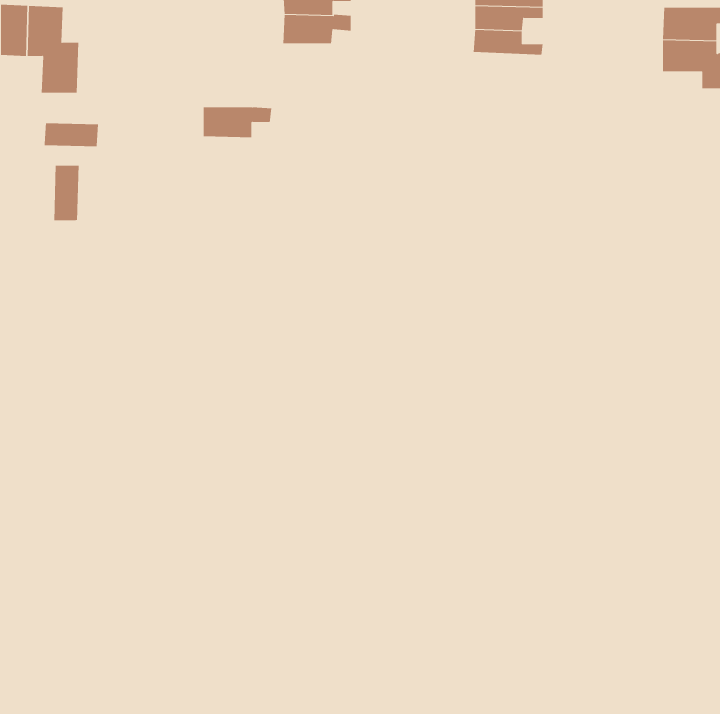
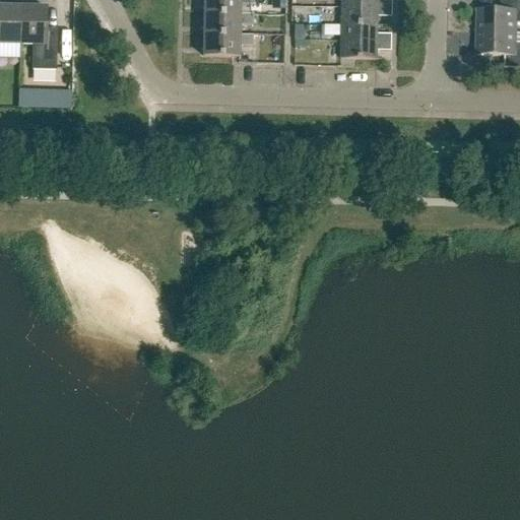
building: none -> [341,38,391,57]
building: [203,107,272,138] -> [204,31,254,54]
building: [54,165,79,221] -> none

